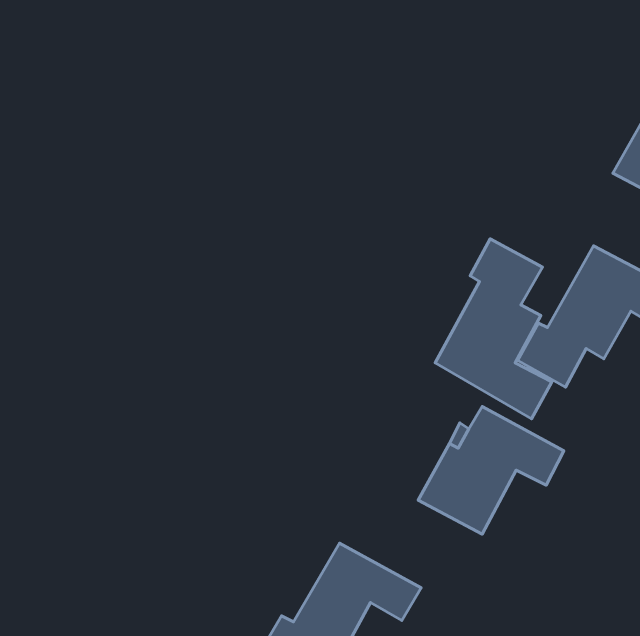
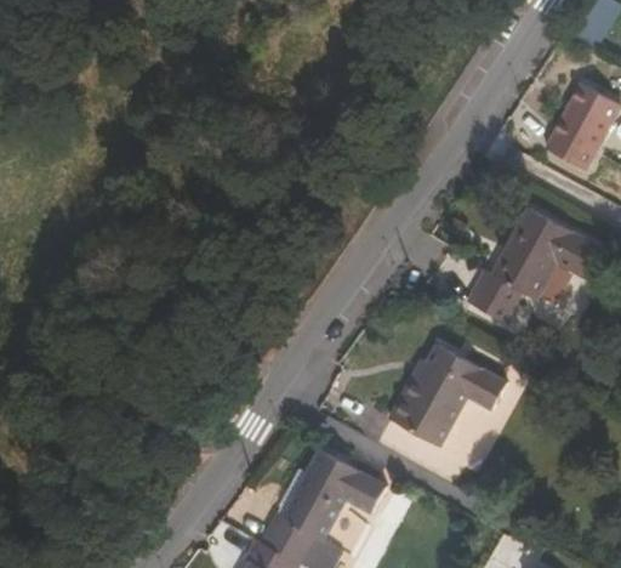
building: [435,239,552,419] -> none

